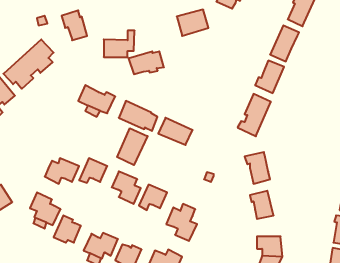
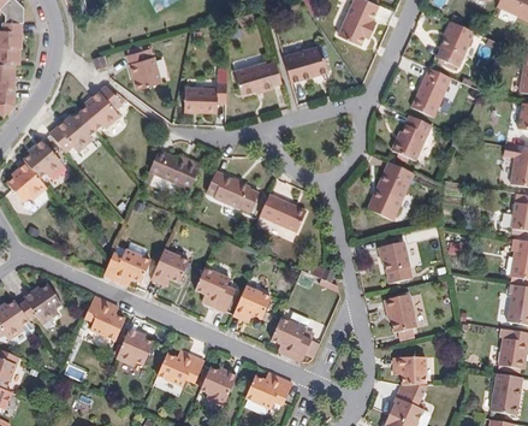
building: [129,51,164,74] -> [235,61,283,93]
building: [117,128,148,165] -> none

